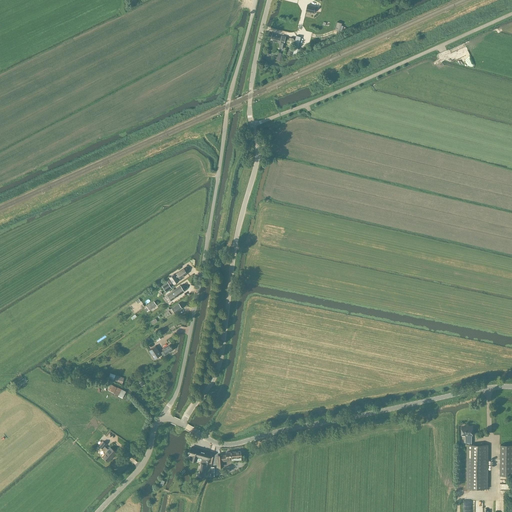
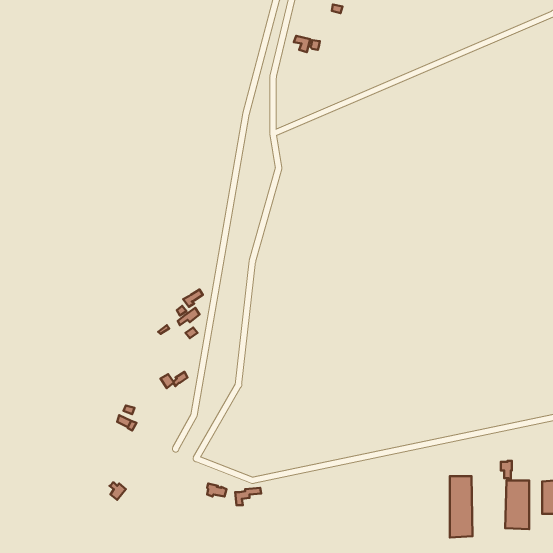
building: none -> [450,476,472,538]

